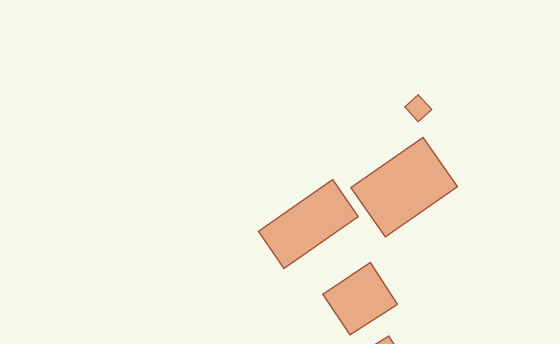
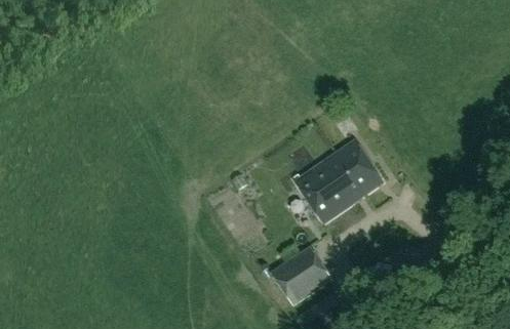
building: [258,180,358,268] -> none

